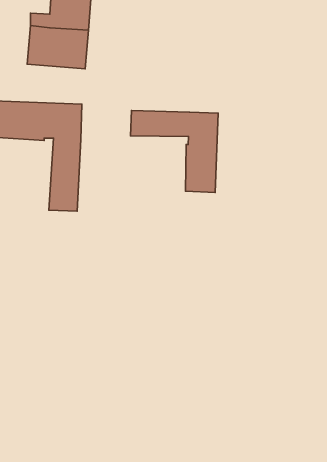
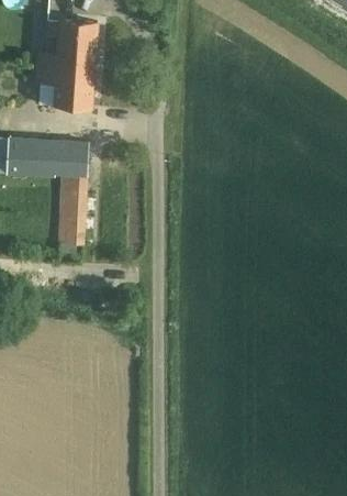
building: [130,110,218,193] -> none

